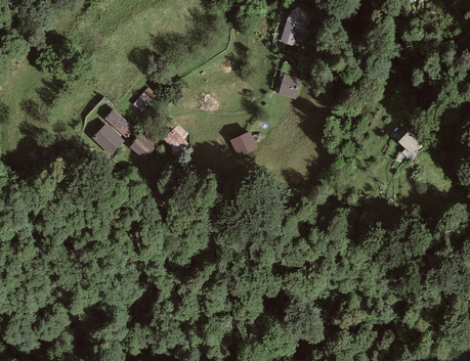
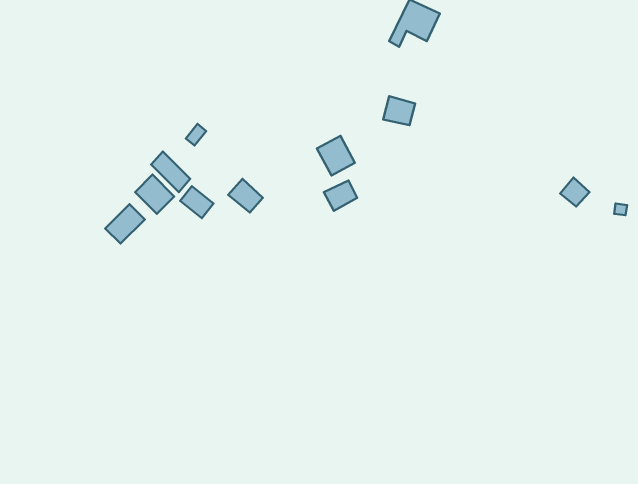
building: none -> [317,136,355,176]
building: none -> [105,204,145,244]

